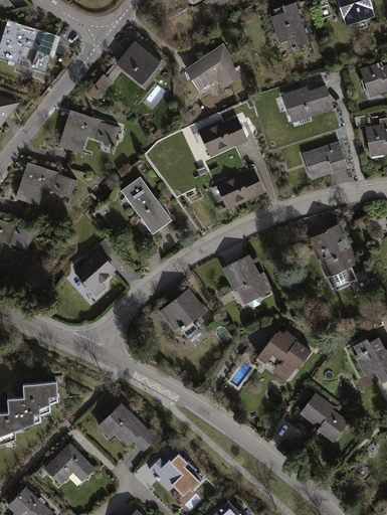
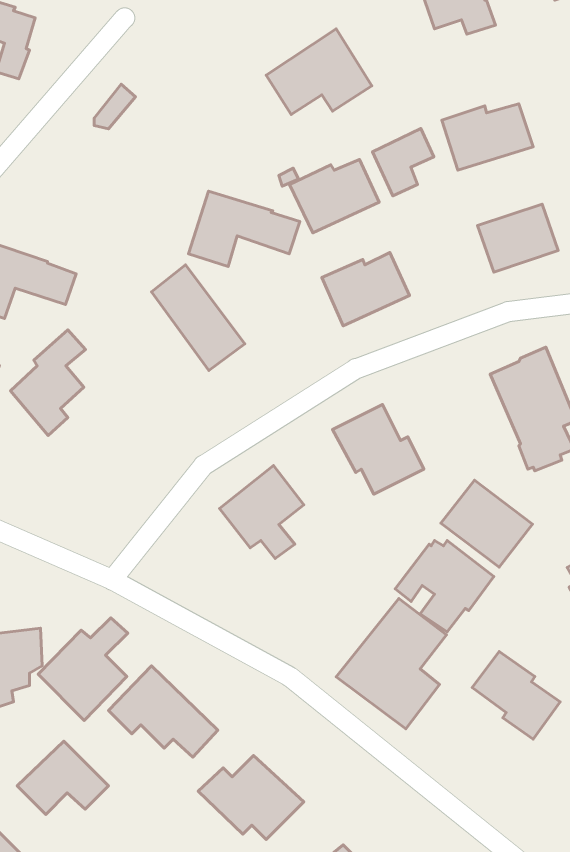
building: [115,40,165,89] -> none
building: none -> [372,128,434,196]
building: [58,111,121,153] -> [189,191,300,266]
building: [73,238,116,298] -> [10,330,86,435]
building: none -> [441,480,533,567]
building: none -> [336,598,447,729]
building: none -> [38,618,128,721]

